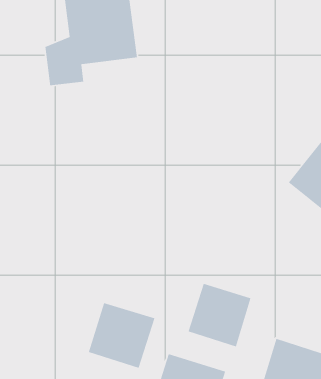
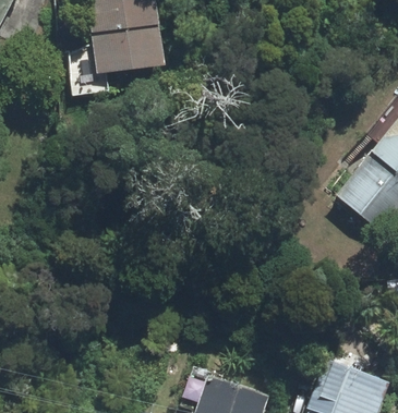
building: [188,283,251,347] -> none
building: [88,302,156,369] -> none

